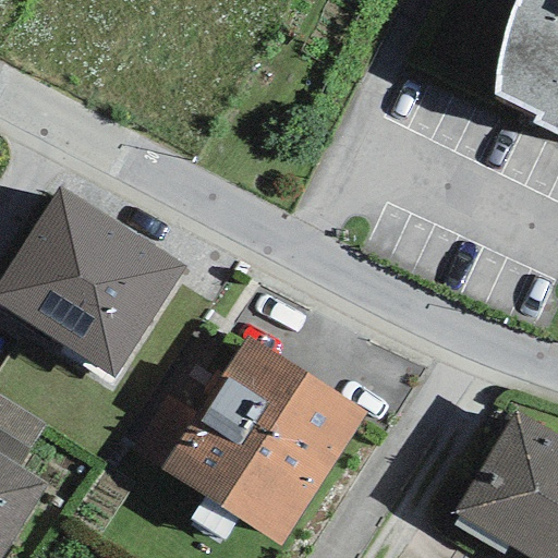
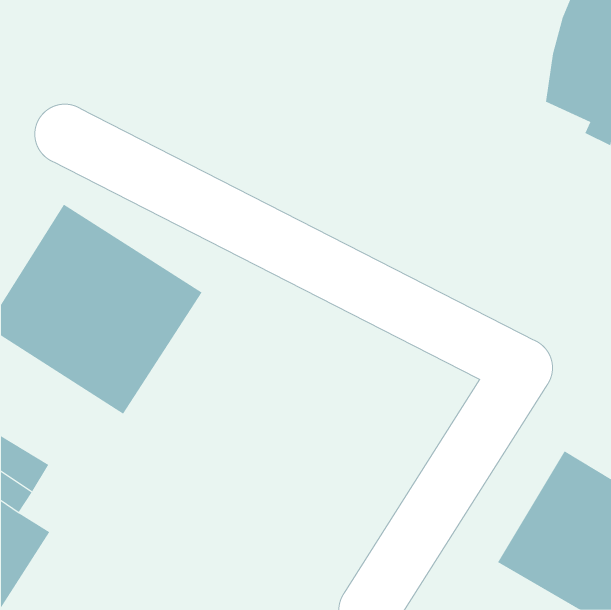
building: [160,336,366,545] -> none

